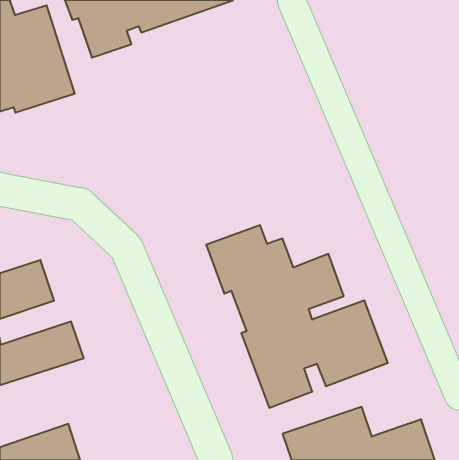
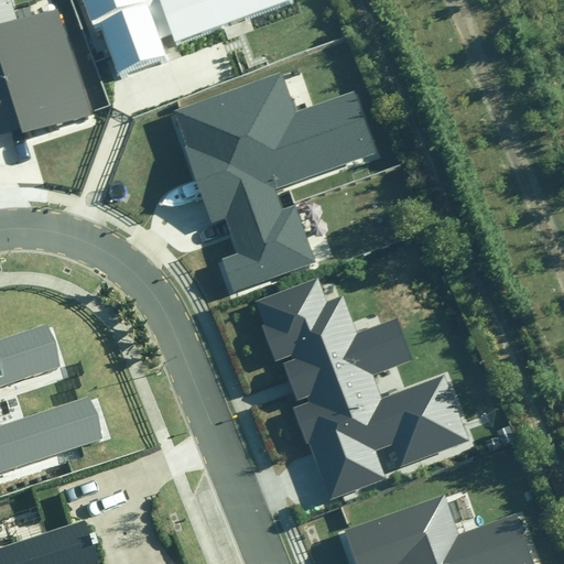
building: none -> [170,75,381,292]

